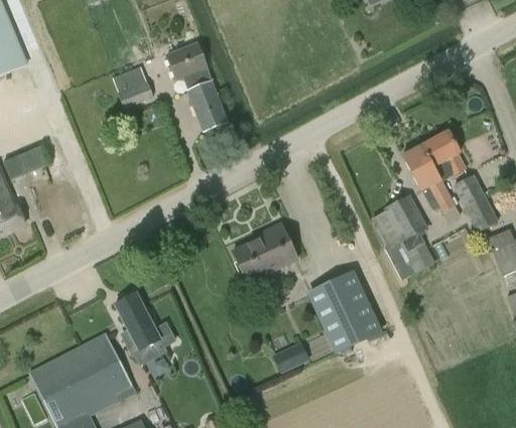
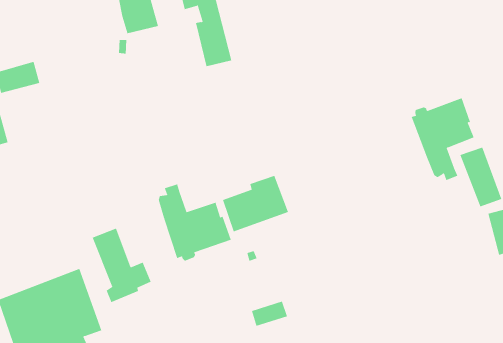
building: [372,193,435,280] -> none
building: none -> [158,183,232,261]
building: [307,271,381,352] -> none

